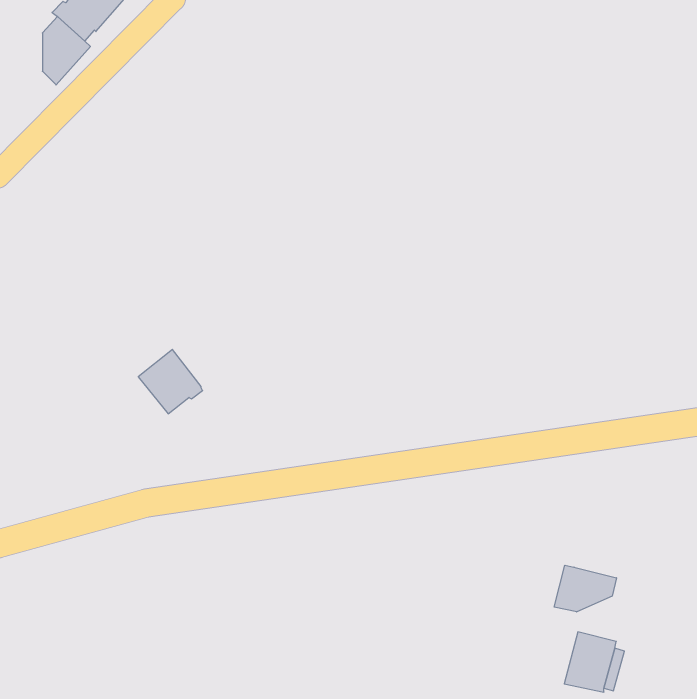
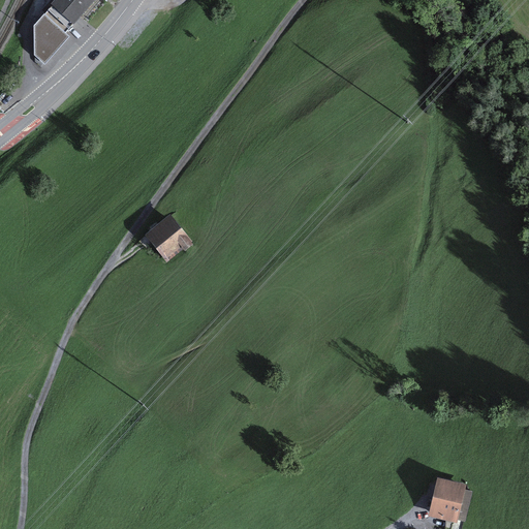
building: [138,349,203,414] -> [143,213,191,261]
building: [554,565,616,612] -> none

